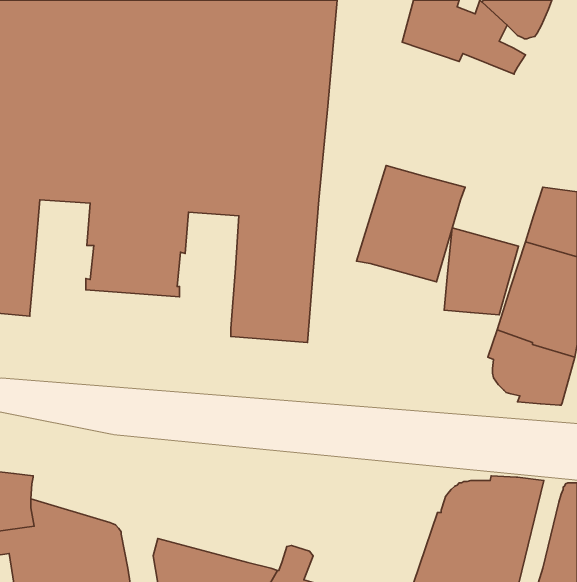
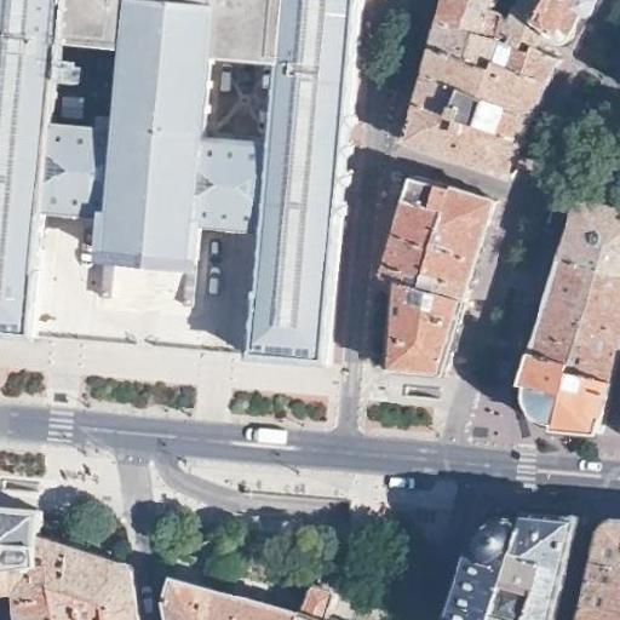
building: none -> [400,46,545,177]
building: [444,228,518,315] -> [384,281,463,373]

